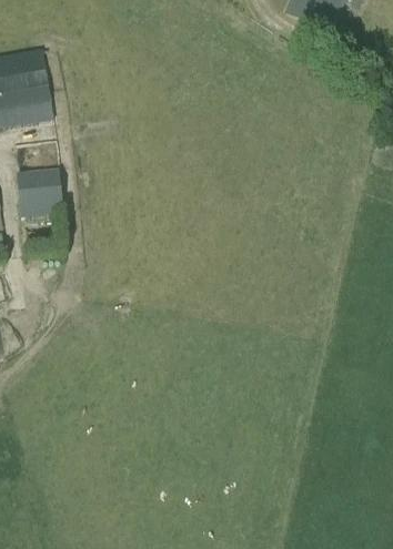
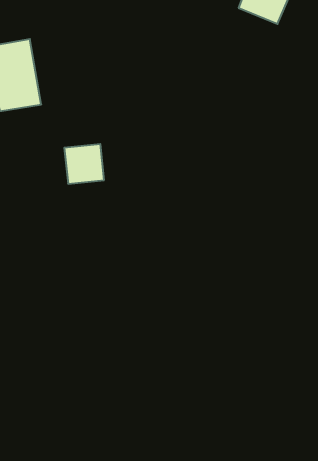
building: [16,171,62,217] -> [64,144,104,184]

